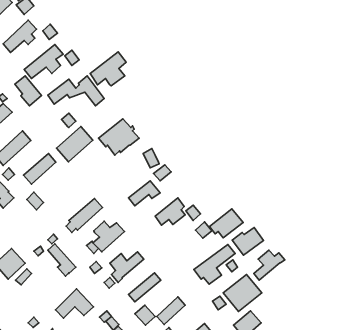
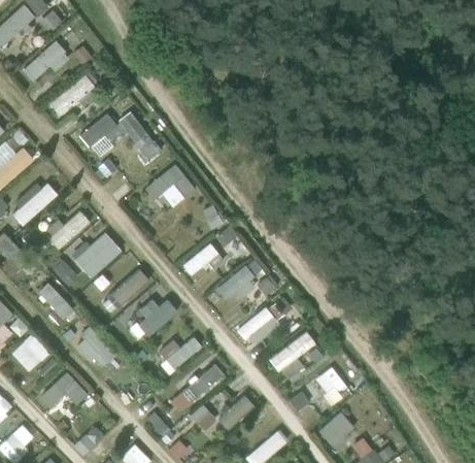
building: [90,52,126,86] -> none
building: [15,76,41,106] -> none
building: [56,126,93,162] -> [75,232,122,277]
building: [209,209,243,238] -> [237,309,280,346]
building: none -> [38,282,74,324]
building: [232,228,263,255] -> none
building: [254,250,285,280] -> none
building: [55,289,93,318] -> [40,370,89,407]

